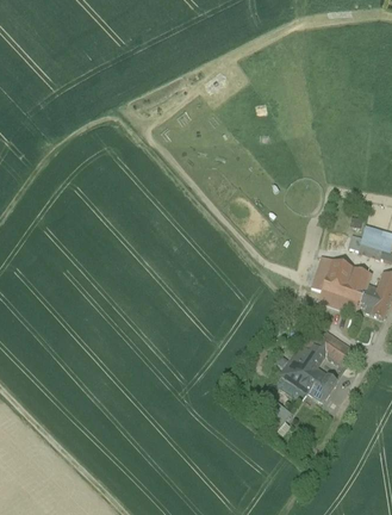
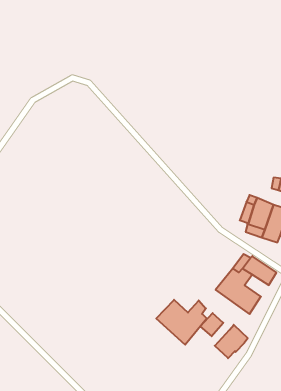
building: none -> [156,300,207,345]
building: none -> [215,325,248,358]

